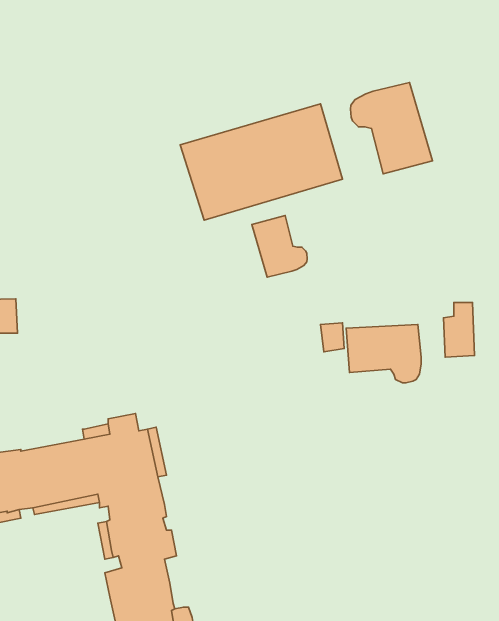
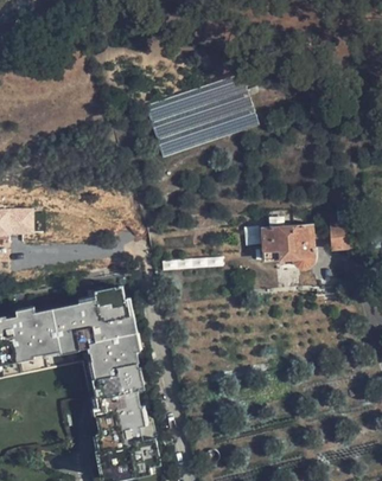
building: [350,83,433,174] -> none
building: [252,216,307,277] -> none

